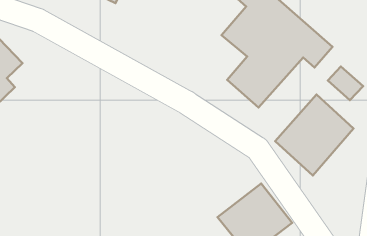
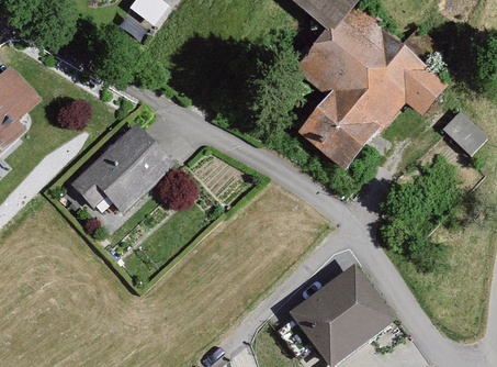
building: none -> [67,123,173,214]
building: [275,94,353,175] -> none

